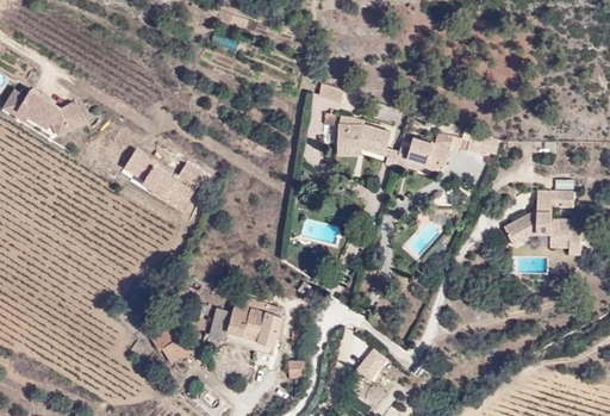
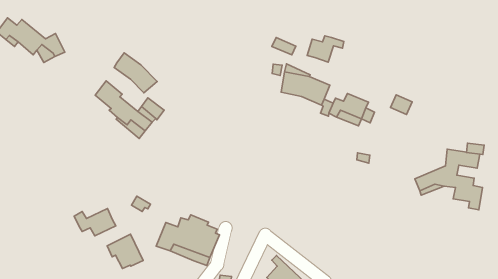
building: none -> [307,36,344,62]
building: none -> [114,53,157,93]
building: none -> [74,209,116,236]

